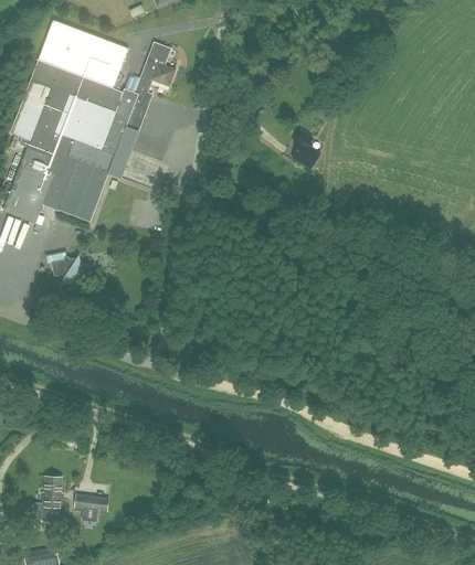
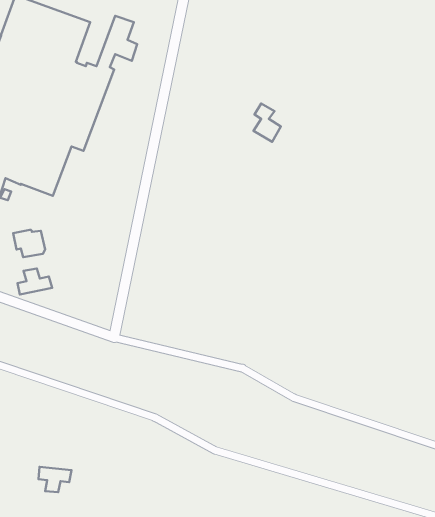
building: none -> [18,268,52,294]
building: [41,476,62,521] -> none

